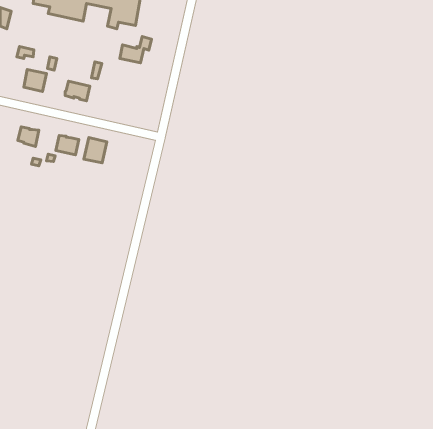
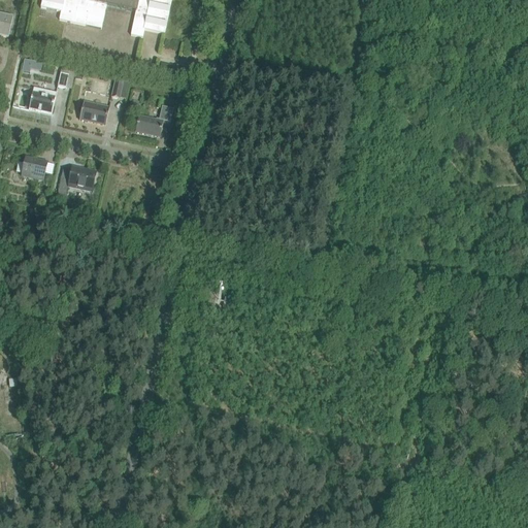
building: [120,36,151,63] -> [135,103,173,135]
building: [84,137,107,163] -> none

